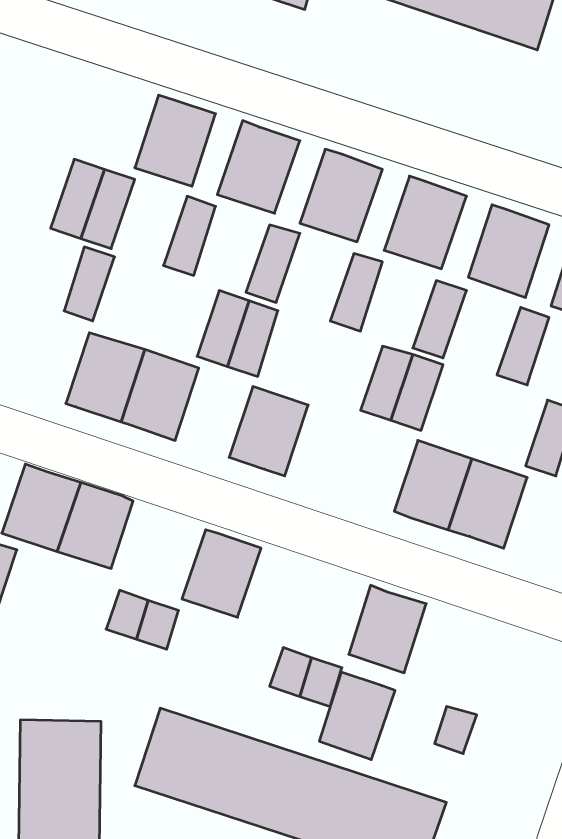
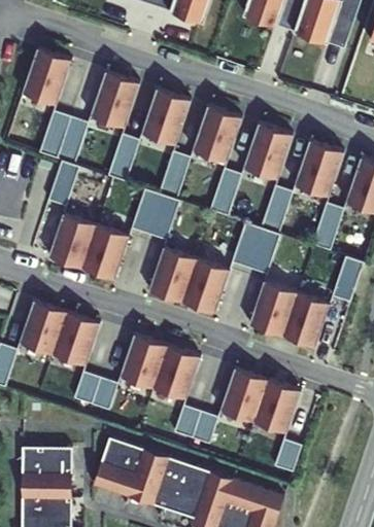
building: none -> [23,47,73,103]
building: none -> [182,259,230,314]
building: none -> [154,347,200,399]
building: [319,672,395,760] -> [256,381,302,434]

